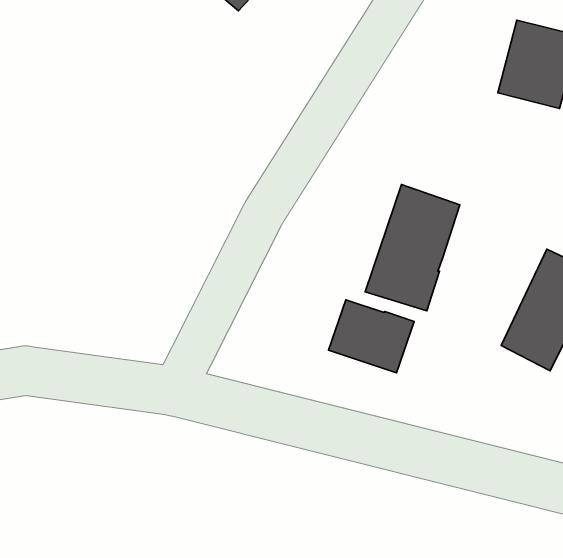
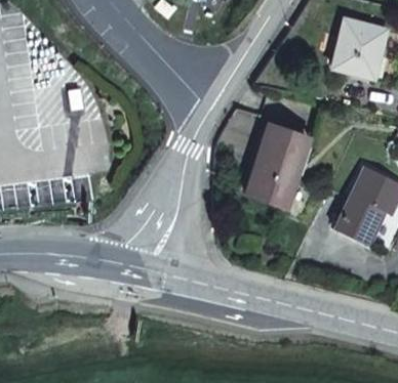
building: [329,300,414,373] -> none

